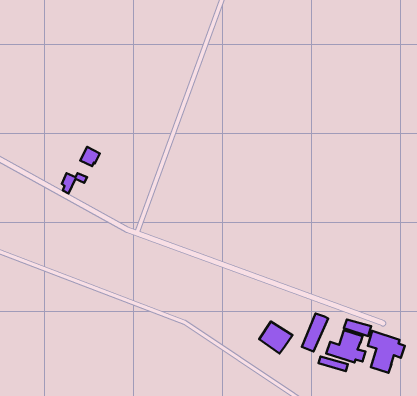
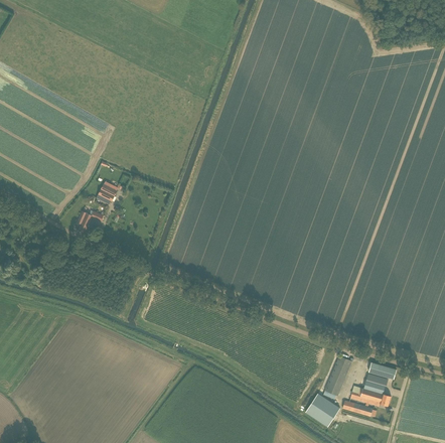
building: [259,321,292,354] -> [306,393,340,426]
building: [368,331,405,373] -> none

